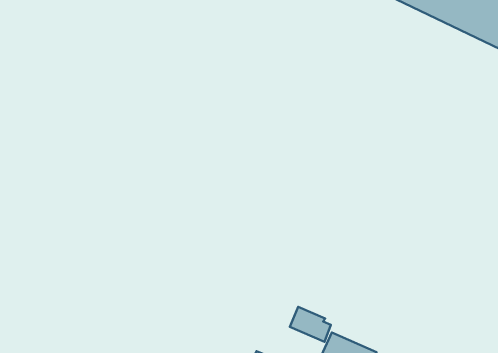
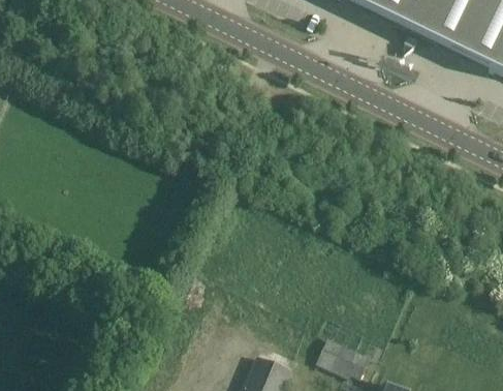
building: [290,307,331,342] -> none

